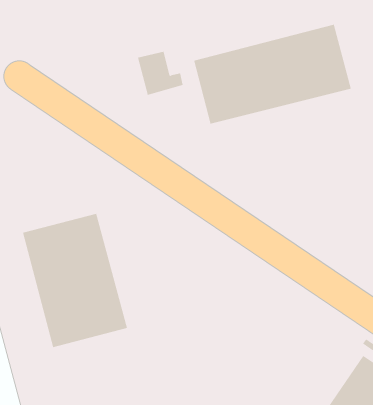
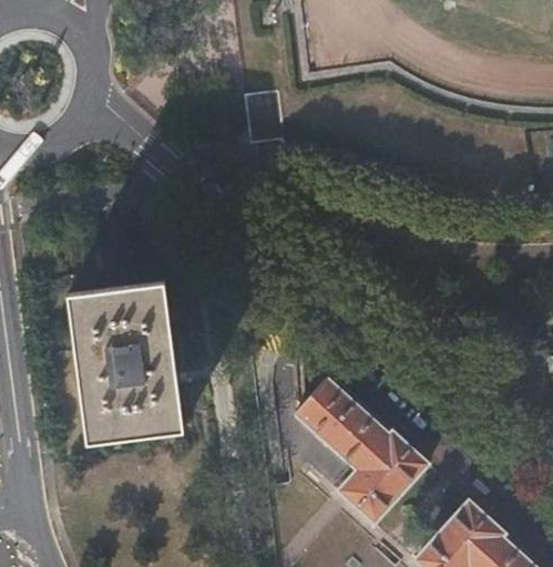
building: [193,24,351,124] -> none
building: none -> [295,378,427,524]

